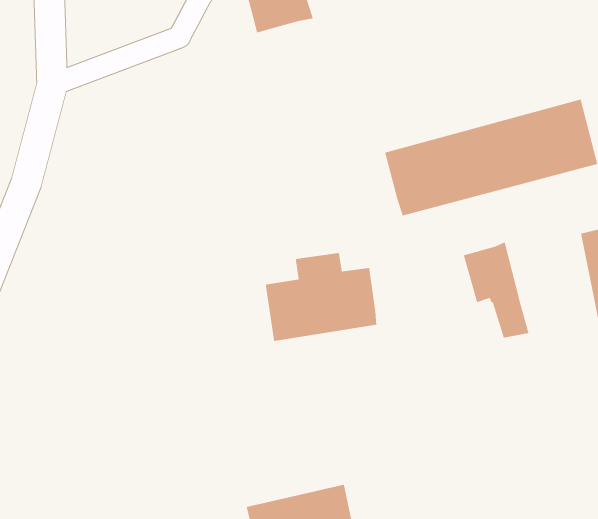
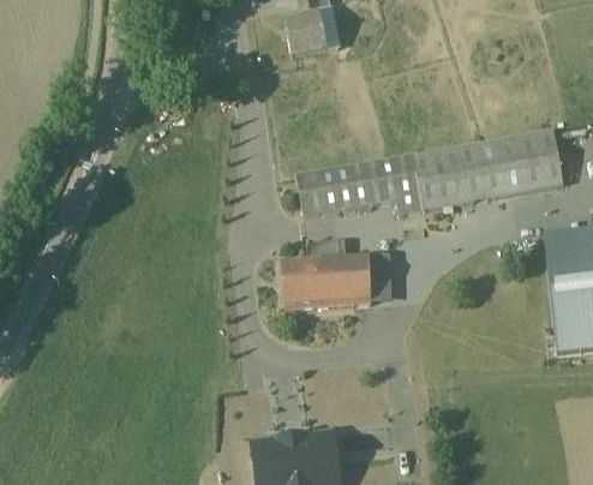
building: none -> [294,160,395,217]
building: [463,241,530,339] -> none

